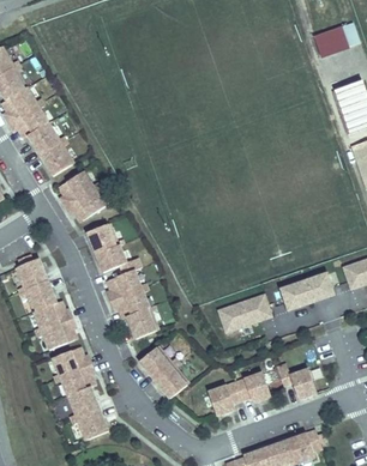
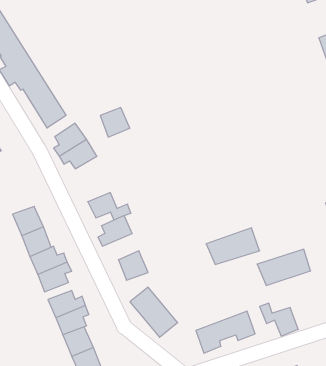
building: [86,226,118,258] -> [100,108,130,137]
building: [282,264,338,302] -> [257,249,311,286]
building: [110,291,149,320] -> none

